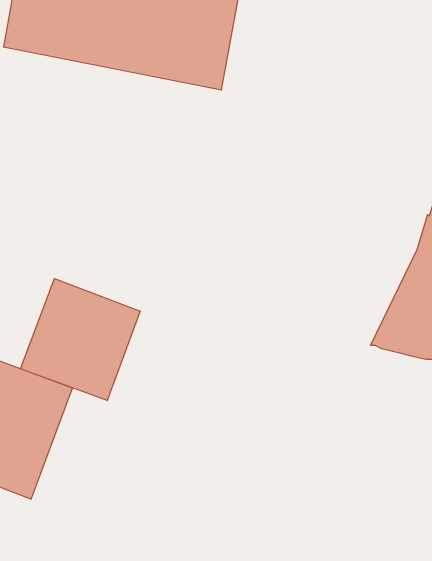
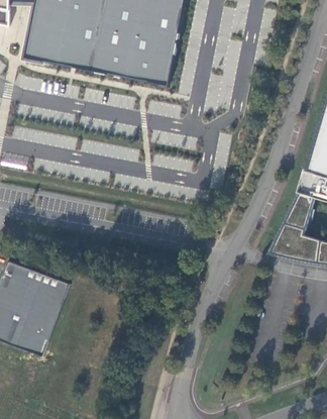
building: [21,279,140,401] -> none

